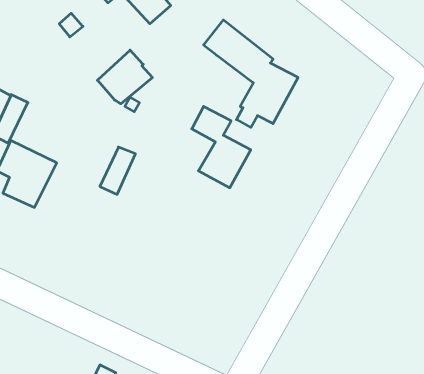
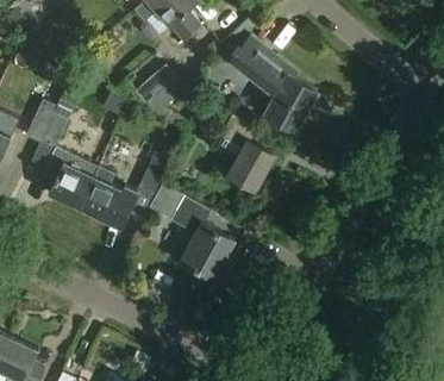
building: none -> [77,167,137,229]
building: none -> [149,185,233,280]

